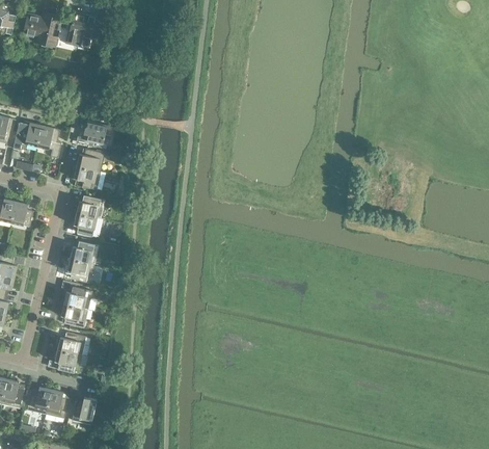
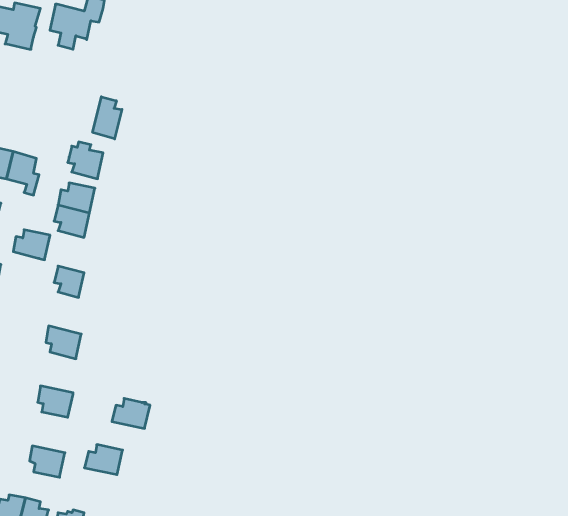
building: none -> [93,97,122,139]
building: [76,195,104,218] -> [13,230,50,260]
building: [69,240,98,264] -> none
building: [62,286,91,309] -> [112,398,150,428]
building: [56,332,85,354] -> [84,445,123,475]

